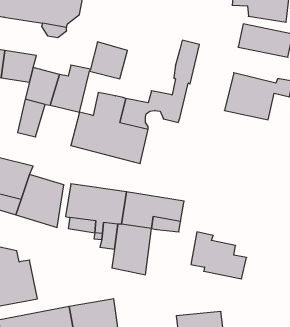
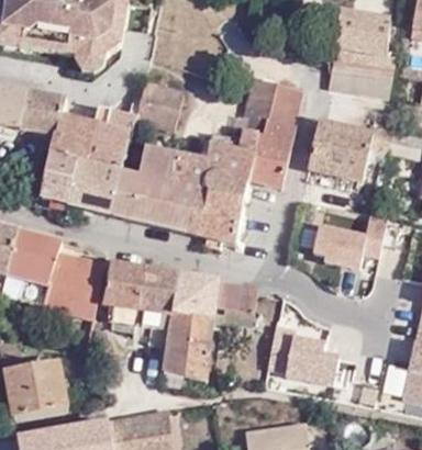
building: none -> [251,83,302,184]
building: none -> [66,160,122,213]
building: none -> [200,168,248,249]
building: none -> [313,214,387,269]

